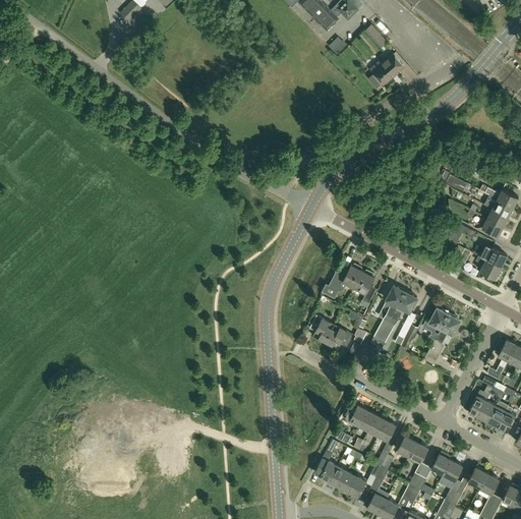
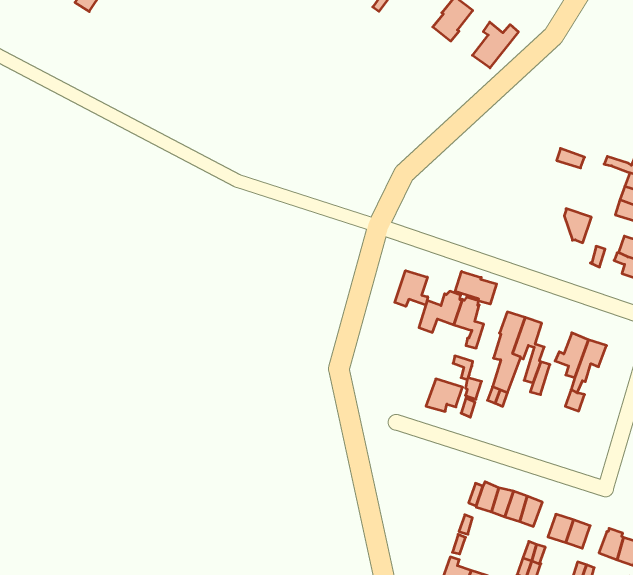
building: none -> [472,22,518,68]
building: none -> [395,271,428,306]
building: none -> [455,271,497,304]
building: [309,315,335,343] -> none

